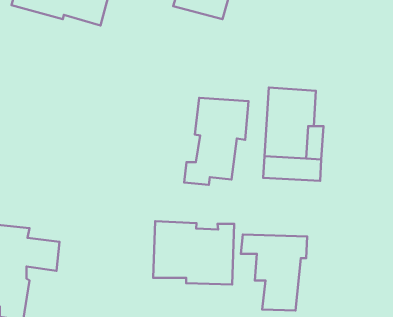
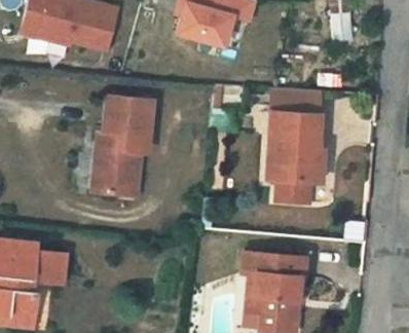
building: none -> [268,87,314,113]
building: [184,98,249,185] -> [94,103,155,186]
building: [153,221,234,285] -> none

